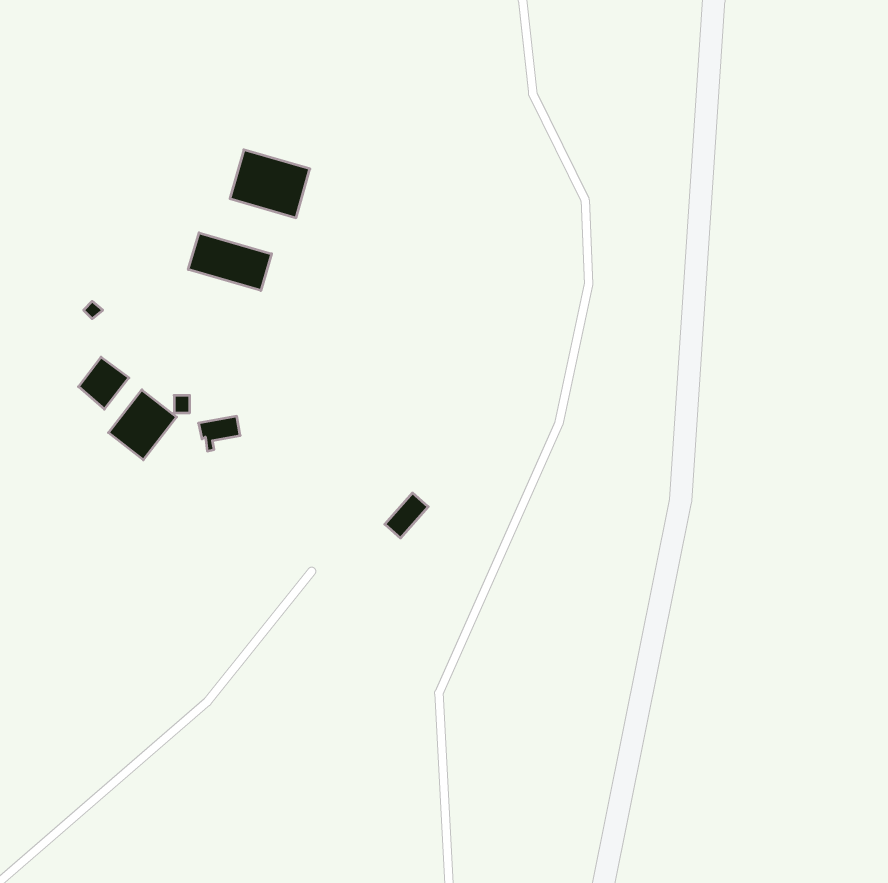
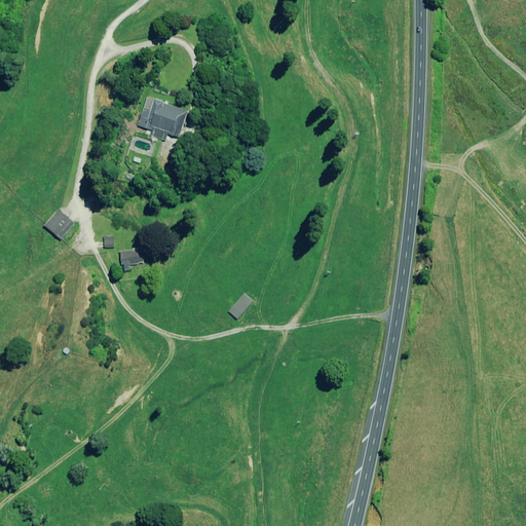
building: [188,233,272,291] -> none
building: [108,390,177,460] -> none

